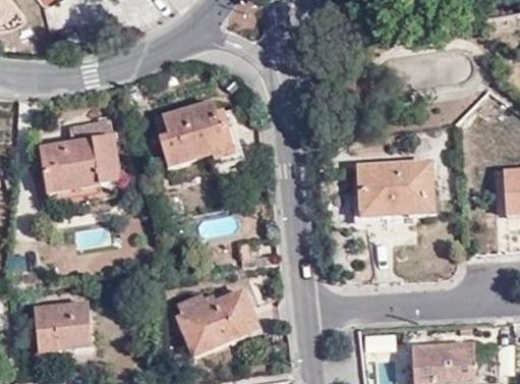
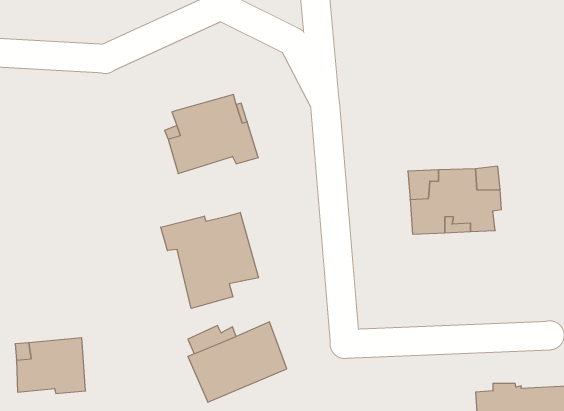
building: [39,118,118,194] -> none
building: none -> [161,212,259,308]

